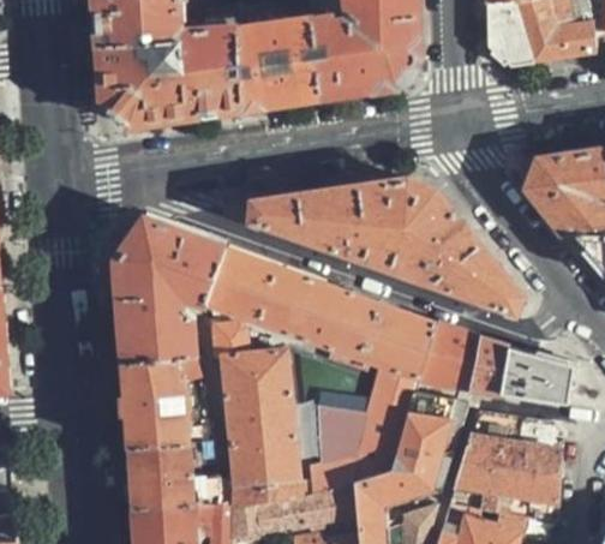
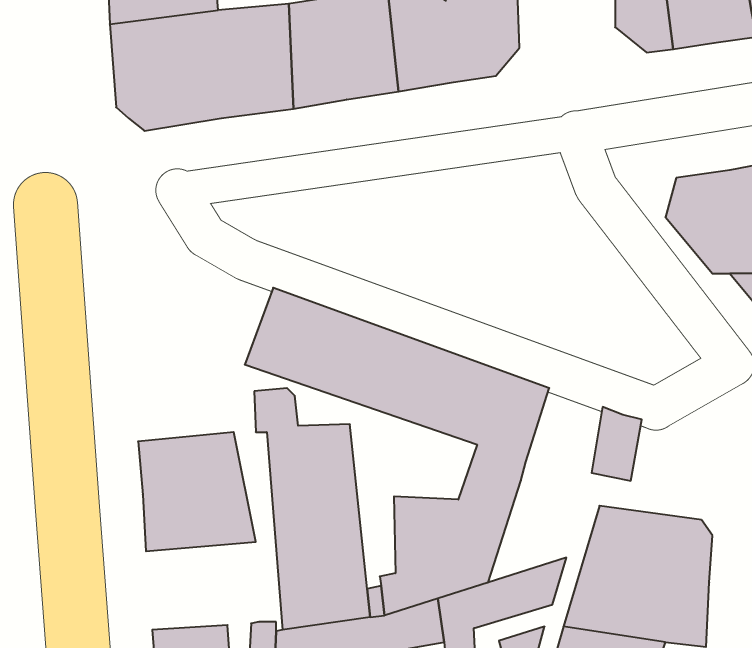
building: [250,179,521,315] -> none
building: [114,216,224,363] -> none
building: [418,322,477,387] -> none
building: [498,346,570,402] -> none
building: [389,393,462,471] -> none
building: [127,440,214,507] -> none

